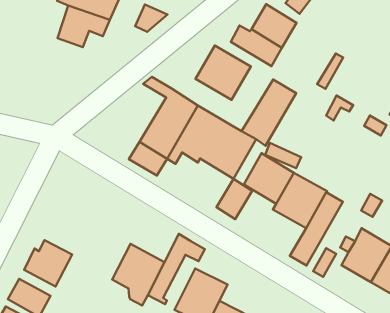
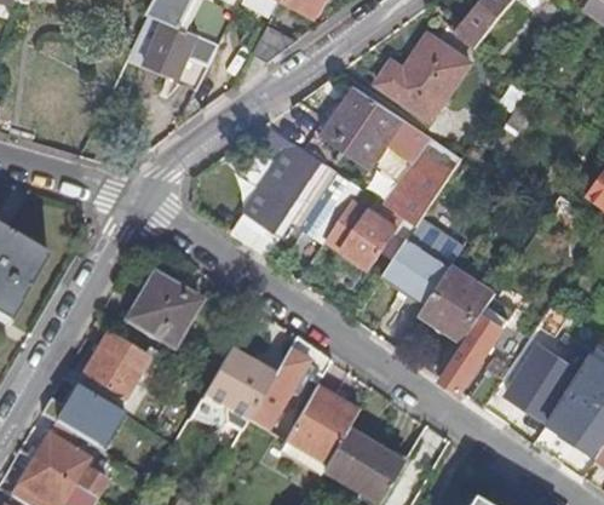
building: none -> [374,117,432,180]
building: [217,179,252,219] -> none
building: none -> [120,272,195,349]

